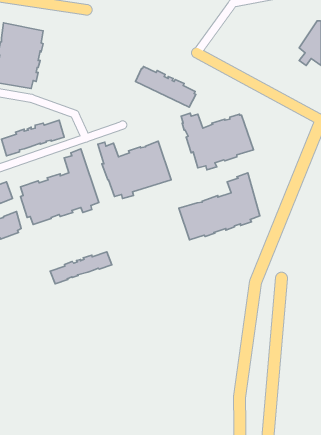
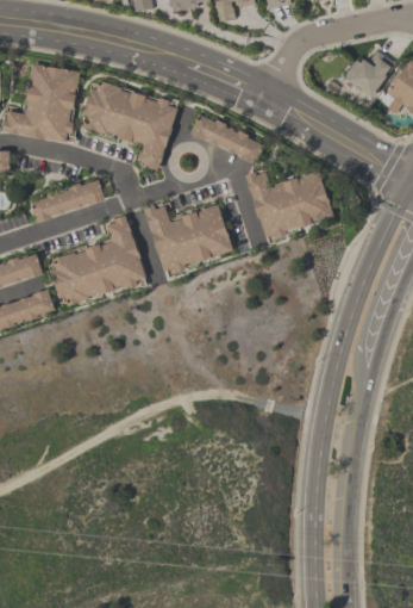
building: none -> [343,51,394,98]
building: none -> [81,81,177,172]
building: [179,173,260,240] -> none
building: [50,252,112,284] -> none

